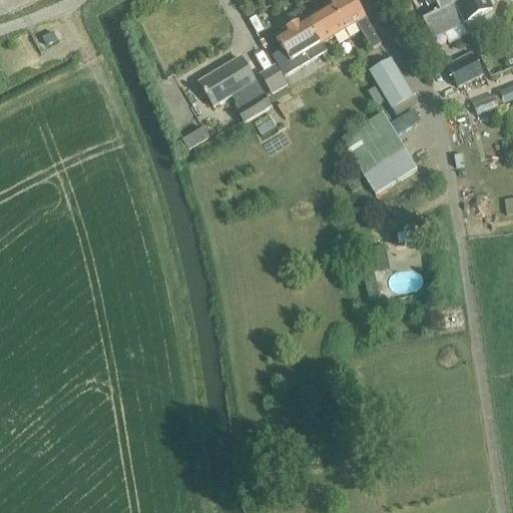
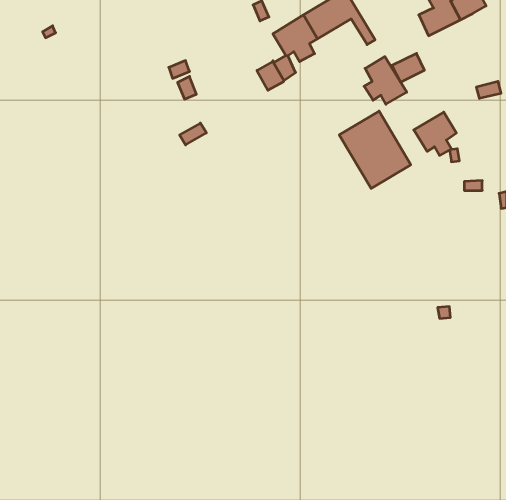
building: [449,54,482,83] -> [392,53,424,82]
building: [201,56,273,120] -> none
building: none -> [414,112,456,155]

